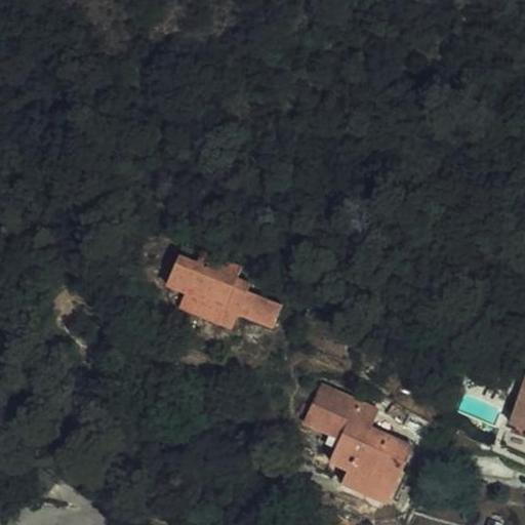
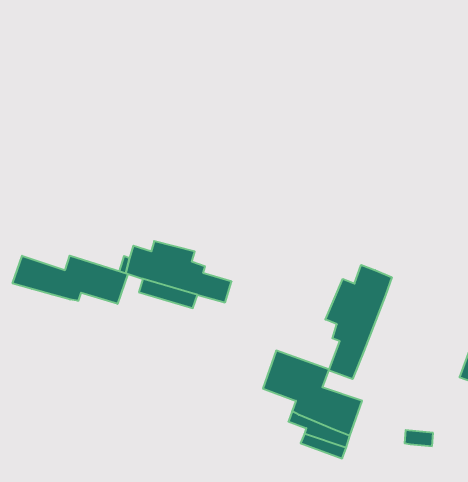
building: none -> [13,256,128,304]
building: none -> [325,265,392,379]

